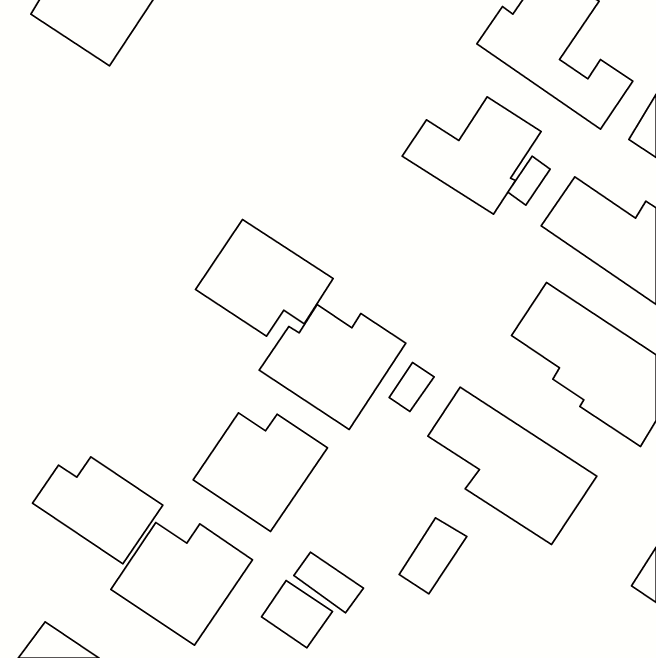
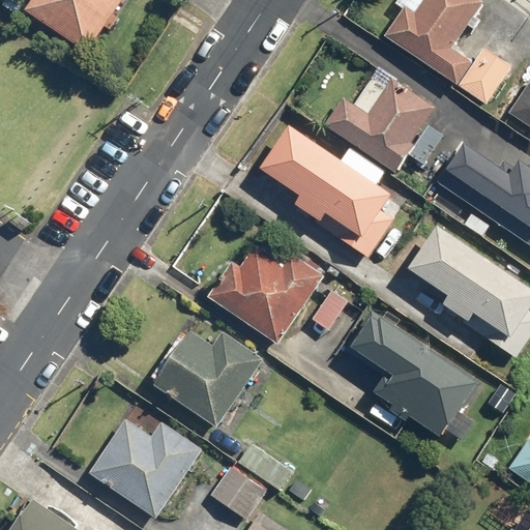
building: none -> [262,126,394,258]
building: [196,220,333,336] -> none
building: [33,457,163,564] -> none
building: [399,518,467,594] -> none

